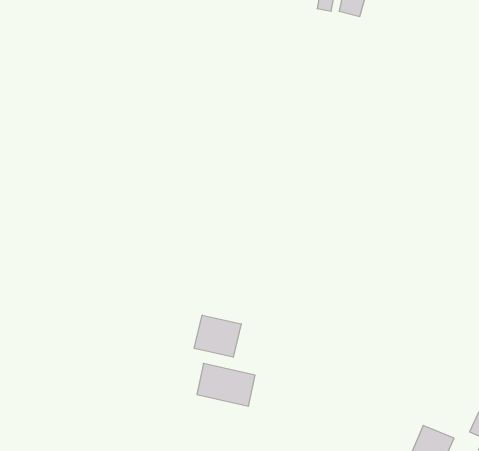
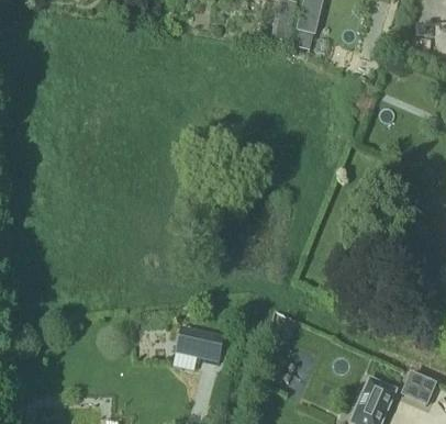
building: [194,315,241,357] -> none

